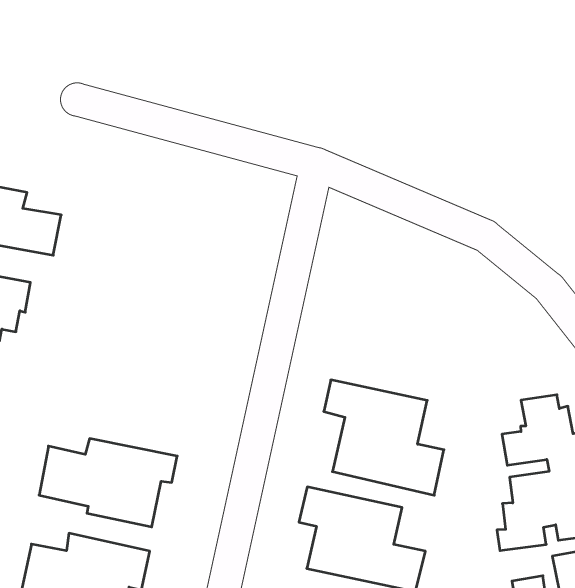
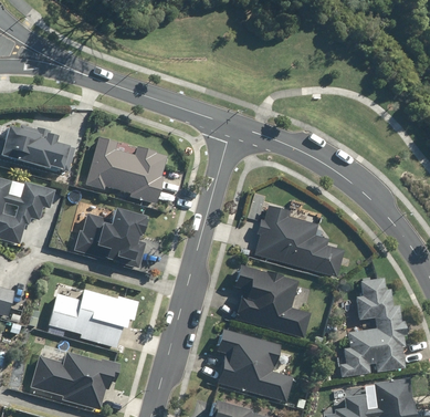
building: none -> [86,135,167,204]
building: none -> [254,205,345,278]
building: none -> [74,208,146,268]

